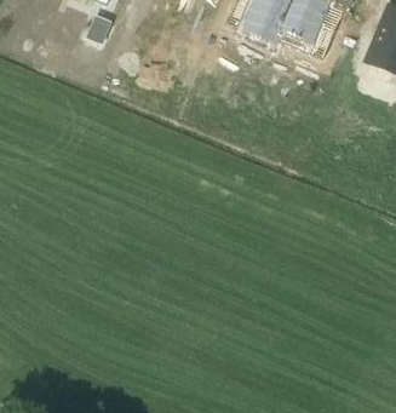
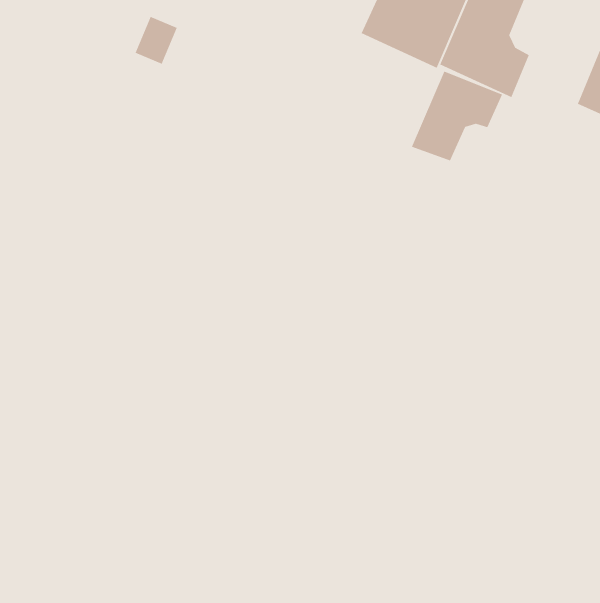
building: none -> [411,71,503,161]

